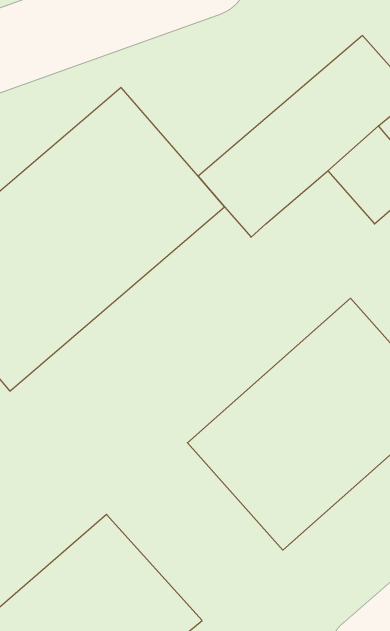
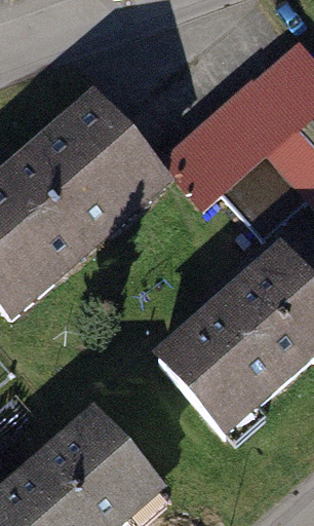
building: none -> [215,145,300,227]

